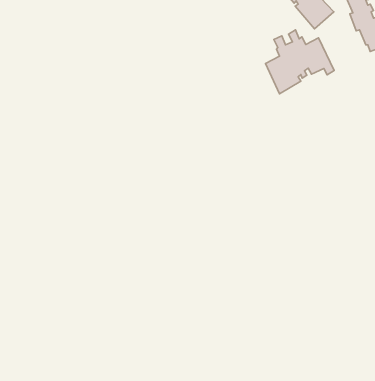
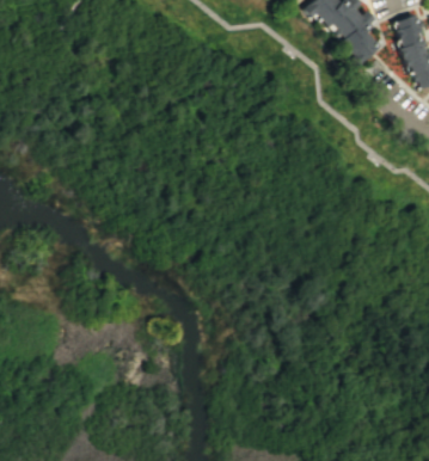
building: [266,30,334,94] -> none

